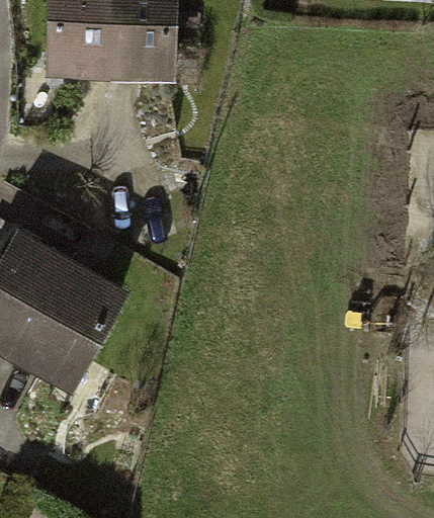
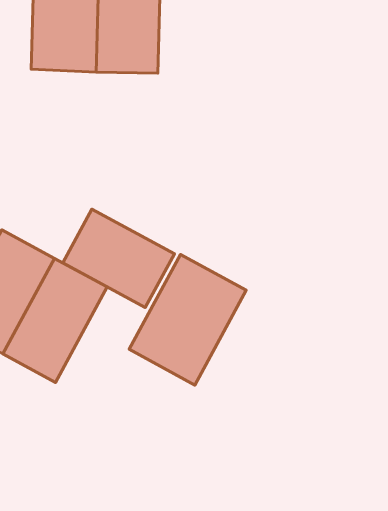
building: none -> [63,209,175,308]
building: none -> [129,254,246,385]

